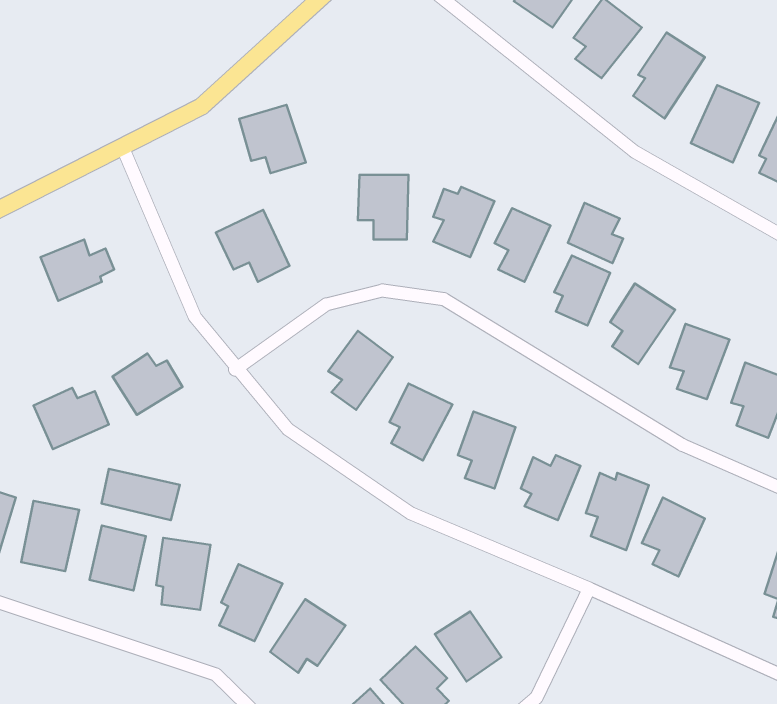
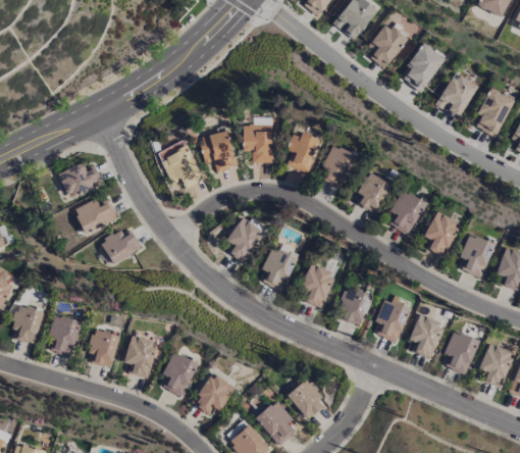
building: [239,105,306,173] -> [198,130,237,169]
building: [568,203,623,263] -> none
building: [34,388,109,449] -> [73,198,117,234]
building: [102,469,180,520] -> none
building: none -> [445,330,479,374]

